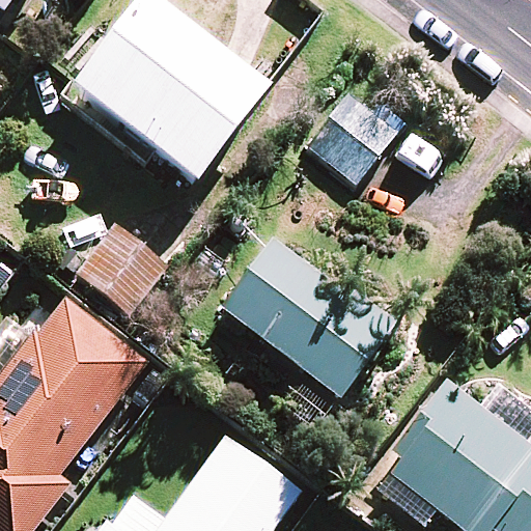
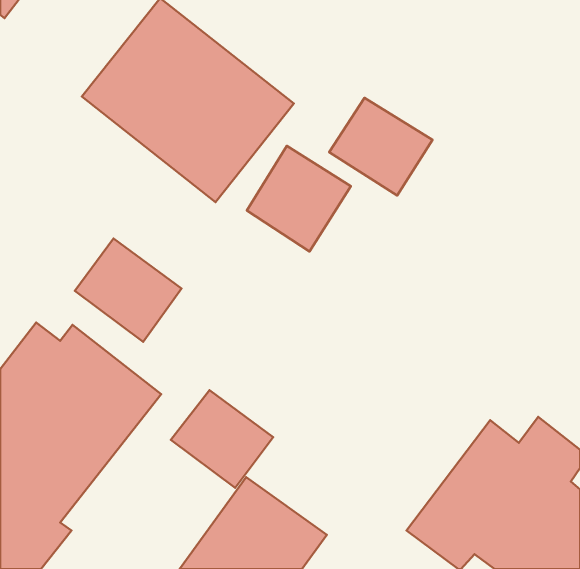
building: none -> [247,146,351,252]
building: [222,243,390,397] -> none
building: none -> [171,390,273,488]

